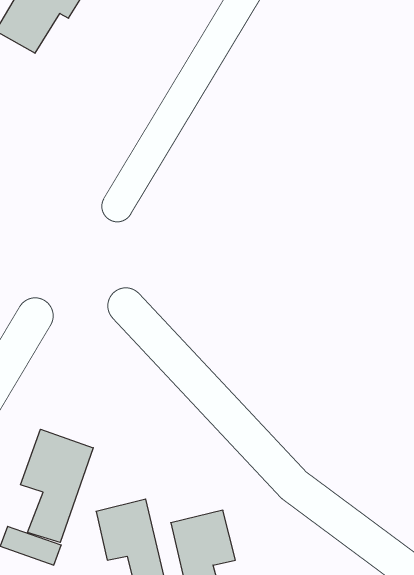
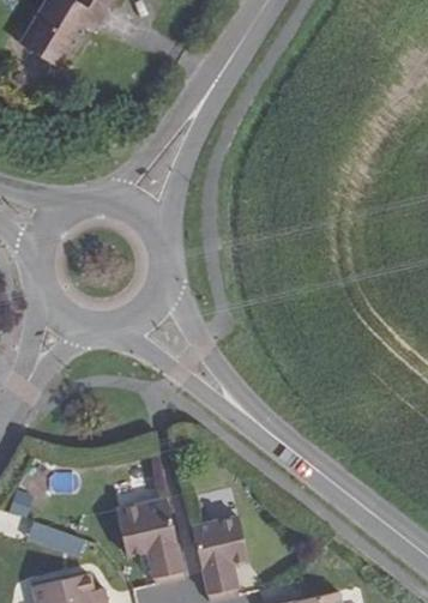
building: [20,429,93,542] -> none

